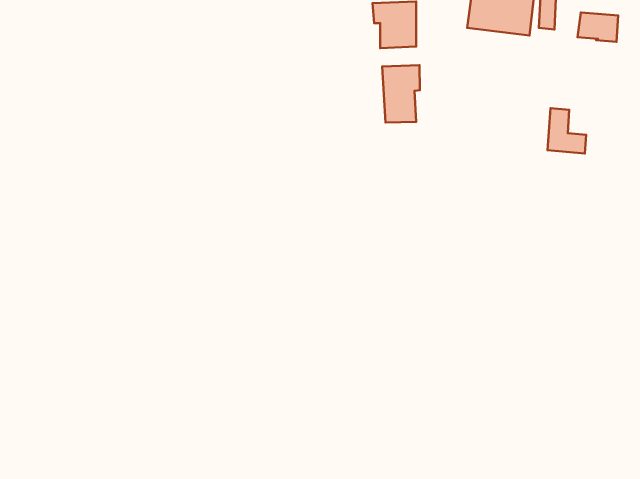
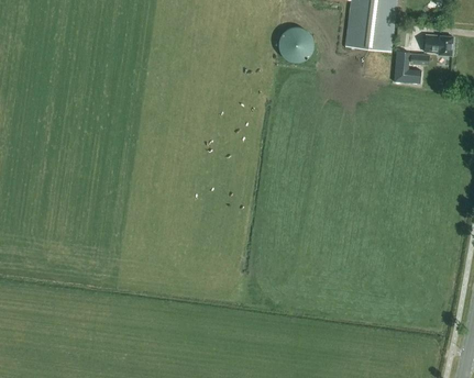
building: [382,65,420,122] -> none
building: [547,108,586,153] -> [394,52,421,84]

